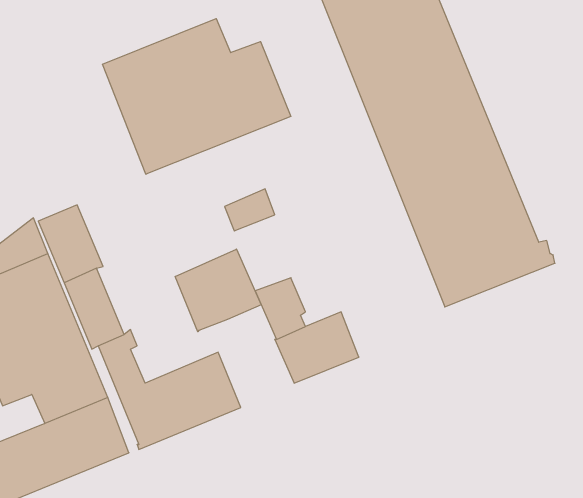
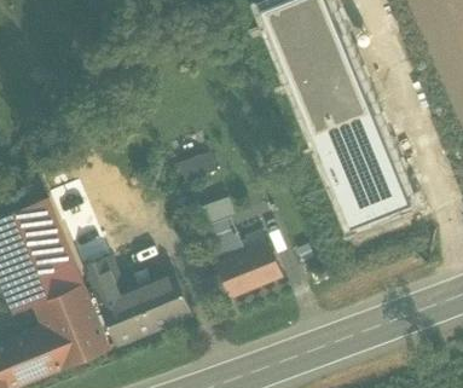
building: [102,19,291,174] -> none
building: [175,249,261,332] -> none

